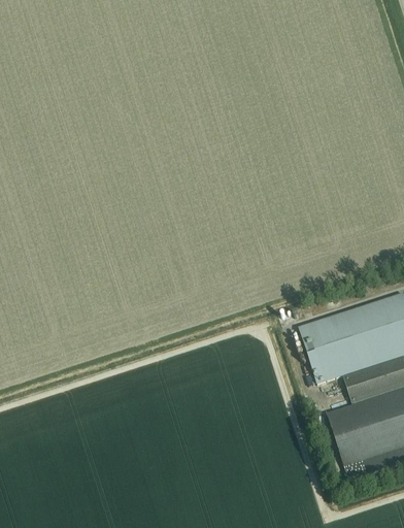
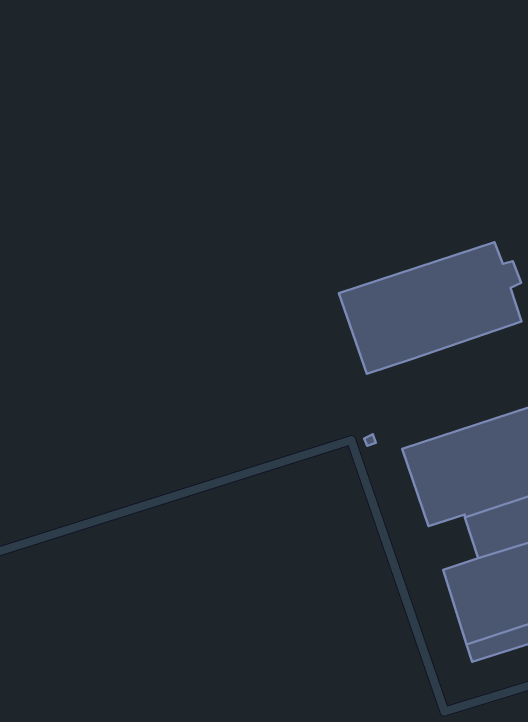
building: none -> [339,242,521,374]

